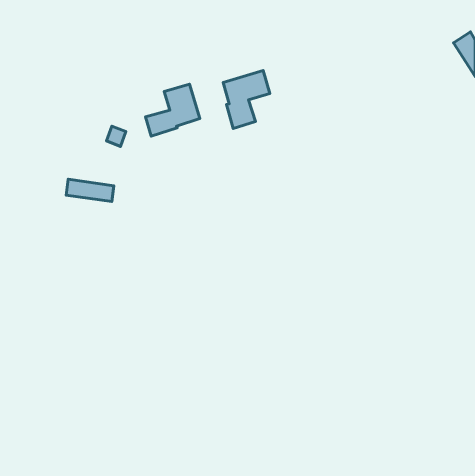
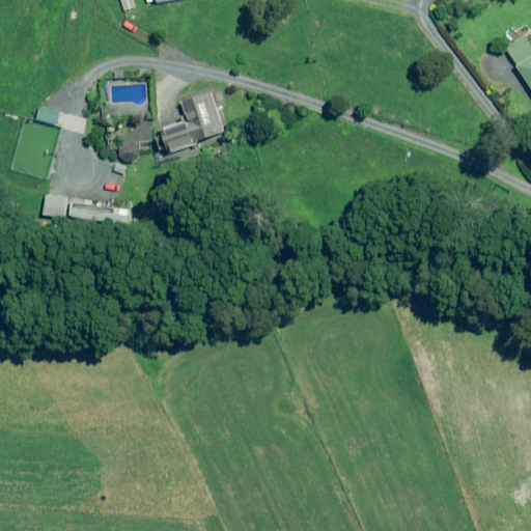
building: [223,71,270,129] -> none
building: none -> [43,194,67,217]

